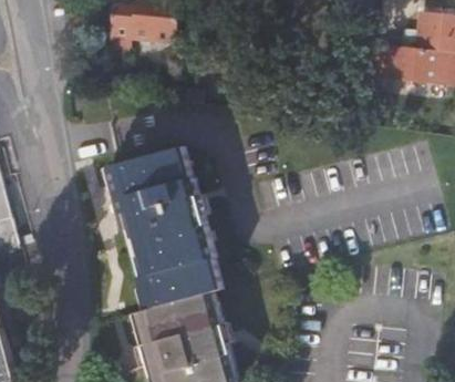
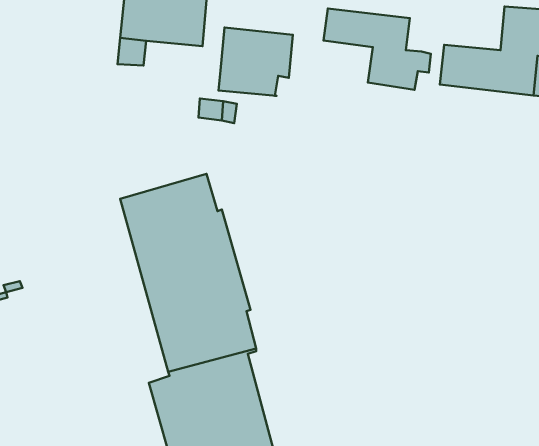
building: none -> [323,8,431,90]
building: none -> [219,28,293,96]

